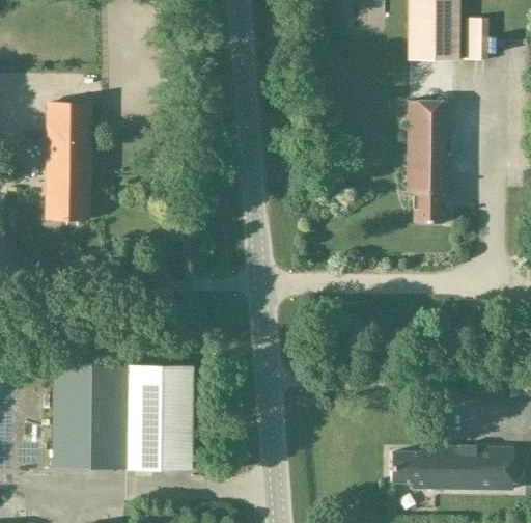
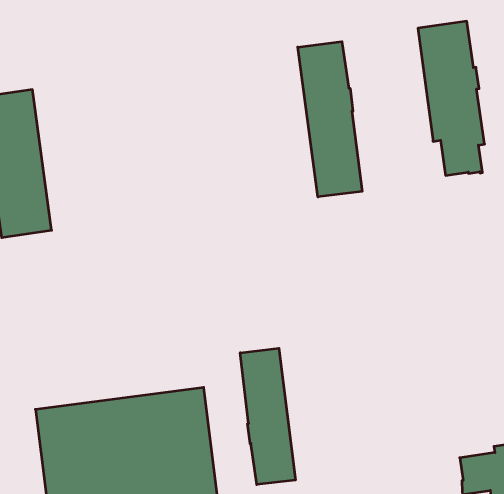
building: none -> [298,42,362,197]
building: none -> [240,348,295,485]

